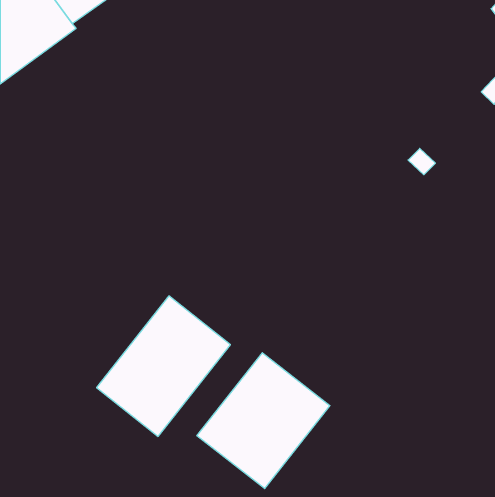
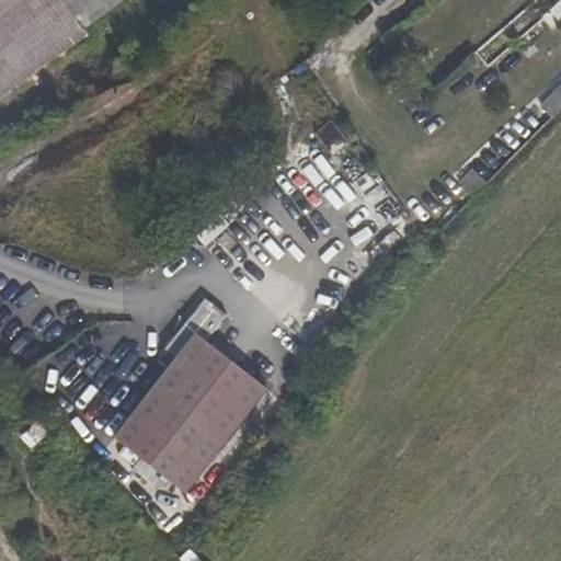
building: [197,353,330,489] -> none

